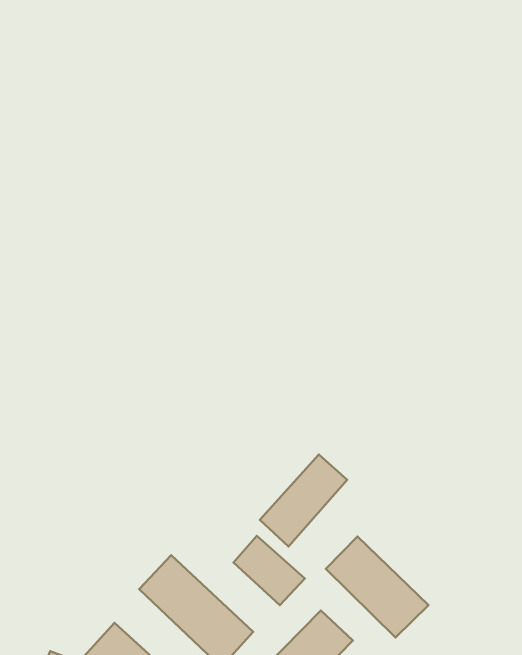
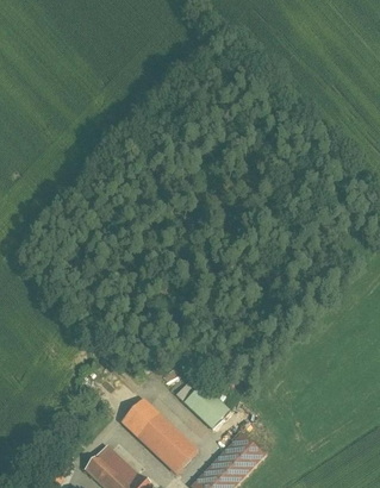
building: [260,455,347,546] -> none
building: [326,537,429,638] -> none

